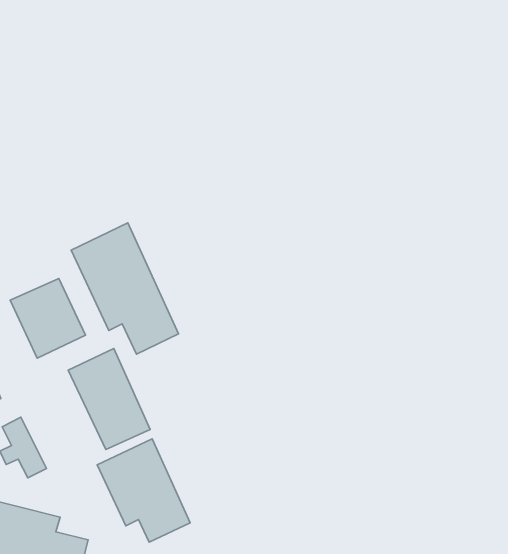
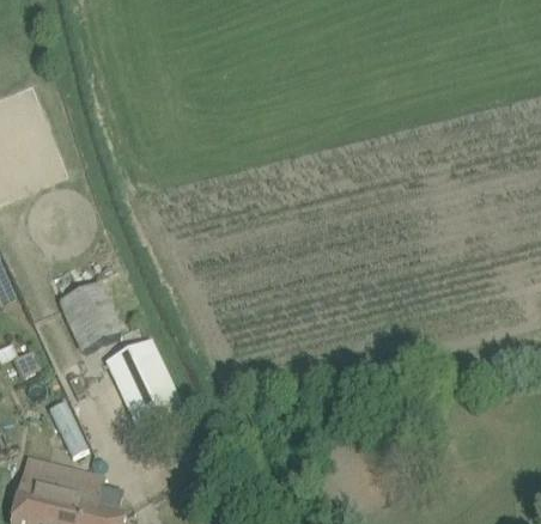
building: [71,223,179,354] -> none
building: [97,439,190,542] -> none

